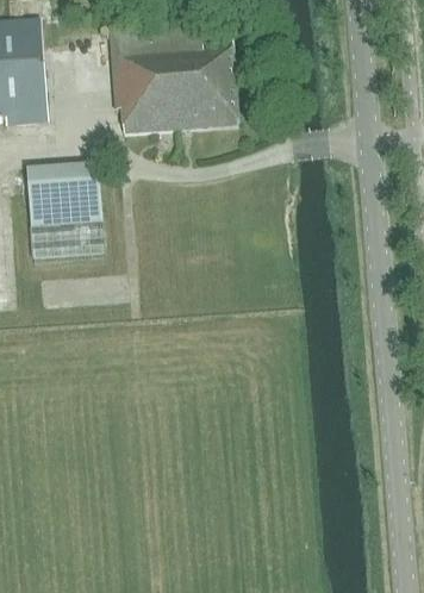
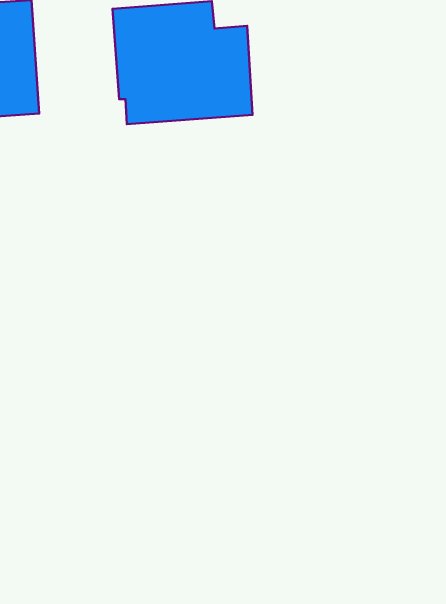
building: [26,163,105,257] -> none

